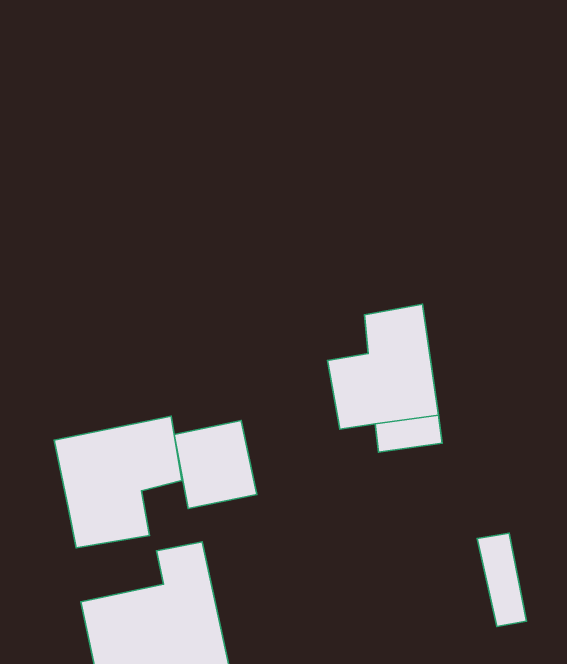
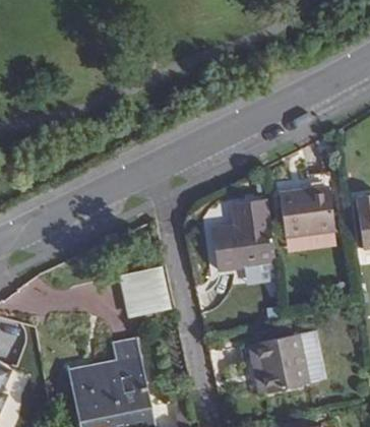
building: none -> [280,185,333,236]
building: [54,416,182,548] -> none
building: none -> [254,333,309,393]

